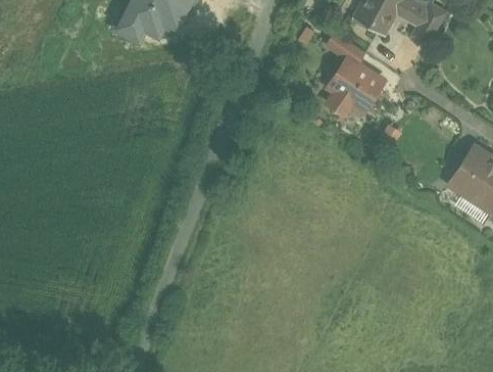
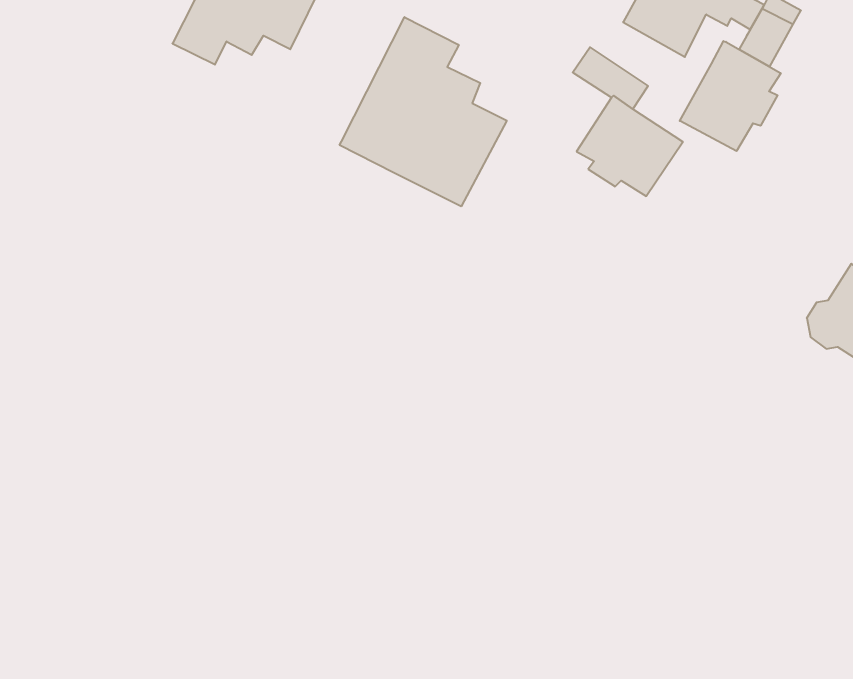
building: none -> [340,17,507,206]
building: none -> [680,41,781,151]

